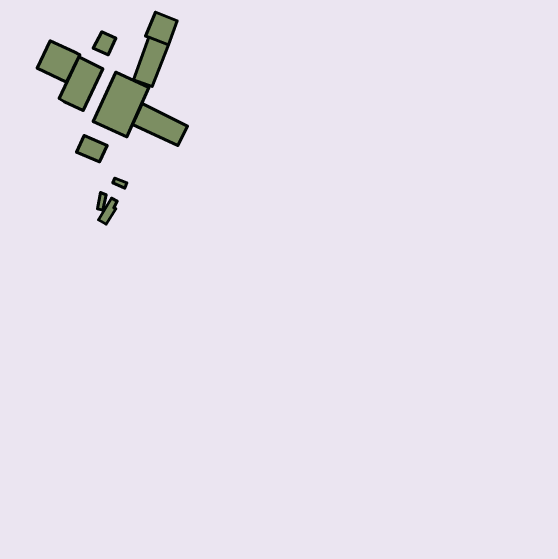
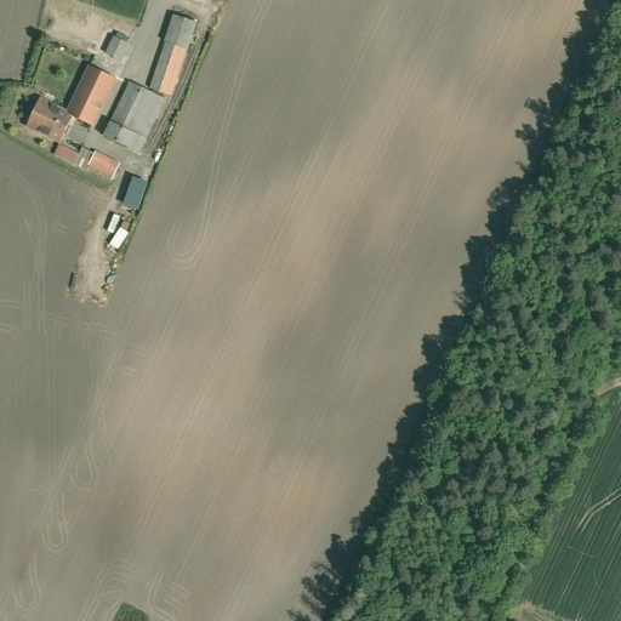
building: [37,41,80,82] -> [24,97,72,143]
building: [132,104,188,145] -> none

